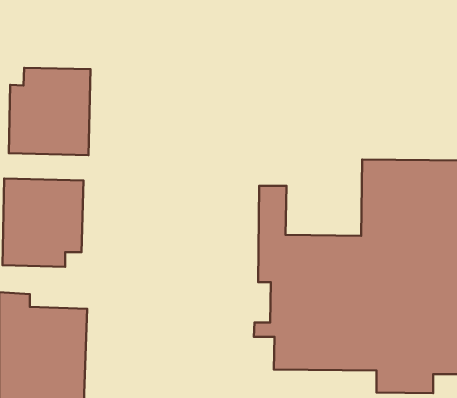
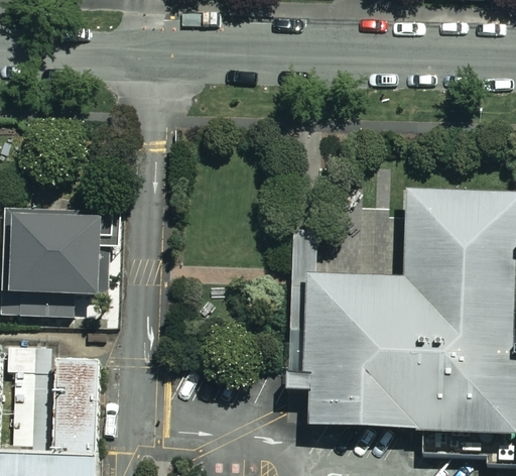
building: [9,68,90,155] -> none

